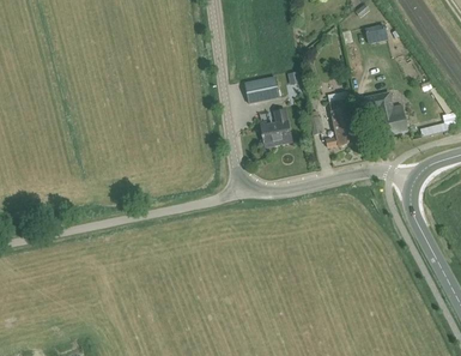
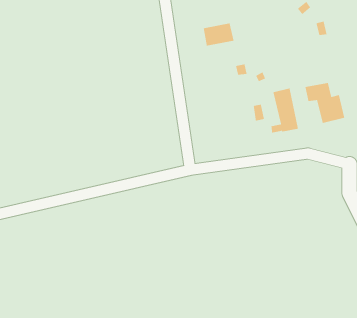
building: [244,77,279,103] -> [203,22,235,47]
building: [260,109,291,145] -> none

